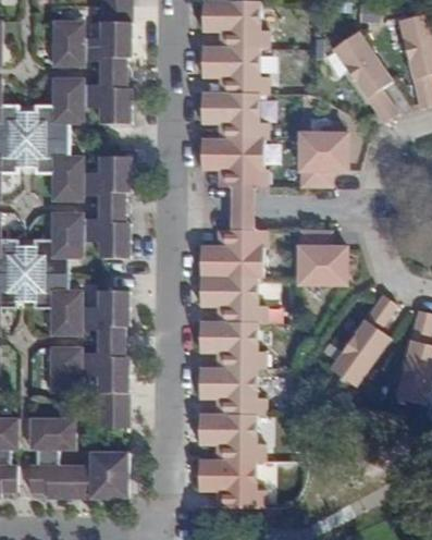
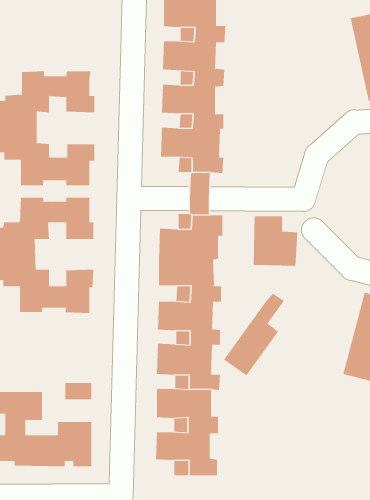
building: [53,20,133,65] -> none
building: [335,33,399,126] -> none
building: [300,135,347,188] -> none
building: [329,298,394,386] -> [223,293,285,376]
building: [50,346,129,393] -> none

